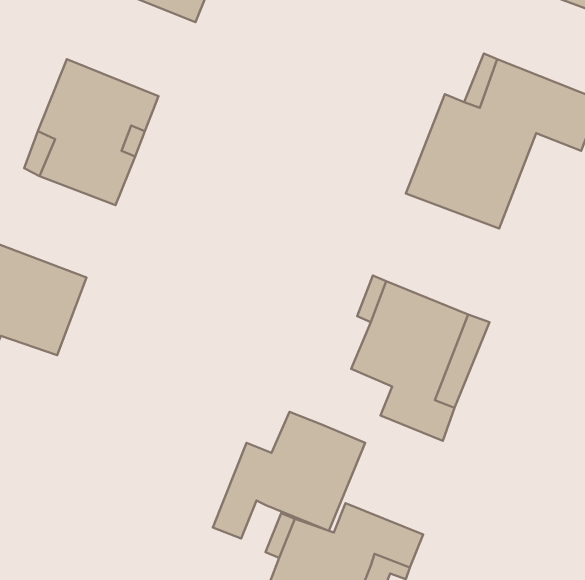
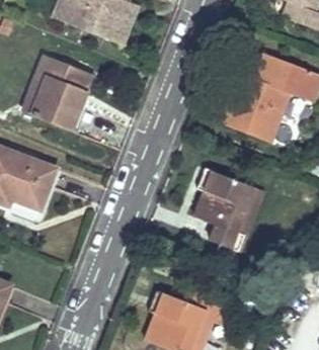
building: [213,412,365,538] -> none

